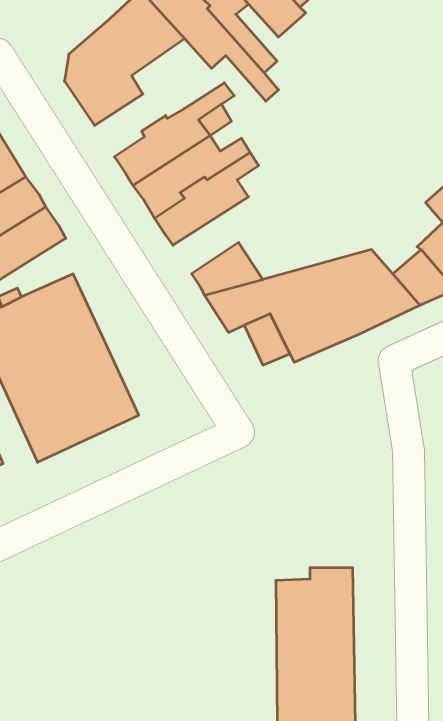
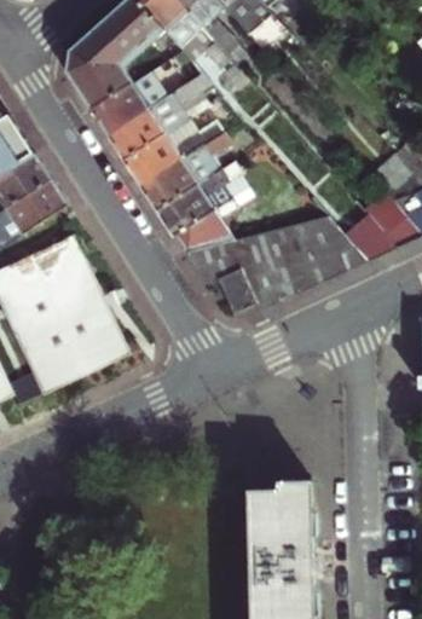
building: none -> [91,70,167,135]
building: none -> [157,161,253,235]

